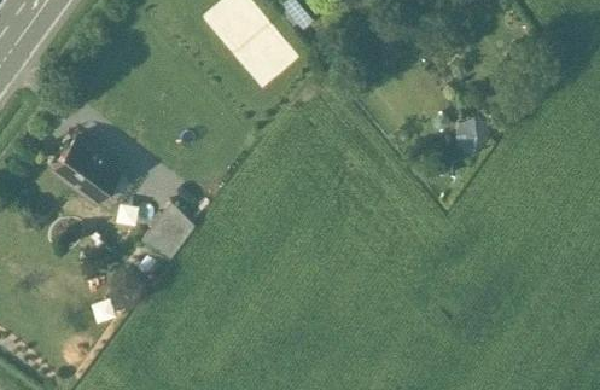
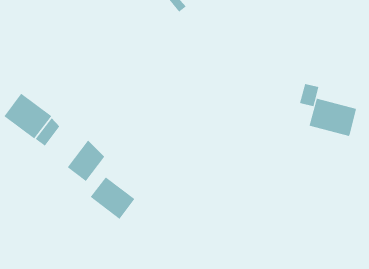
building: none -> [309,98,357,137]
building: none -> [90,176,136,220]

